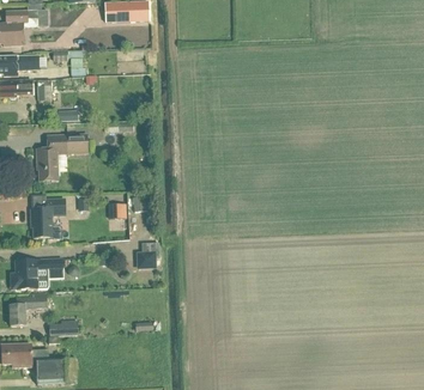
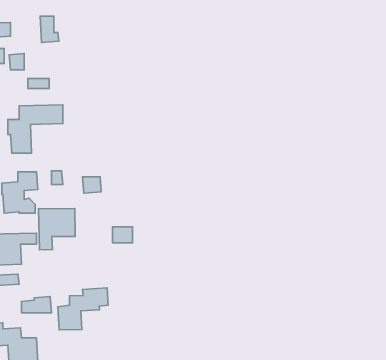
building: none -> [38,208,75,250]
building: none -> [58,288,108,330]

